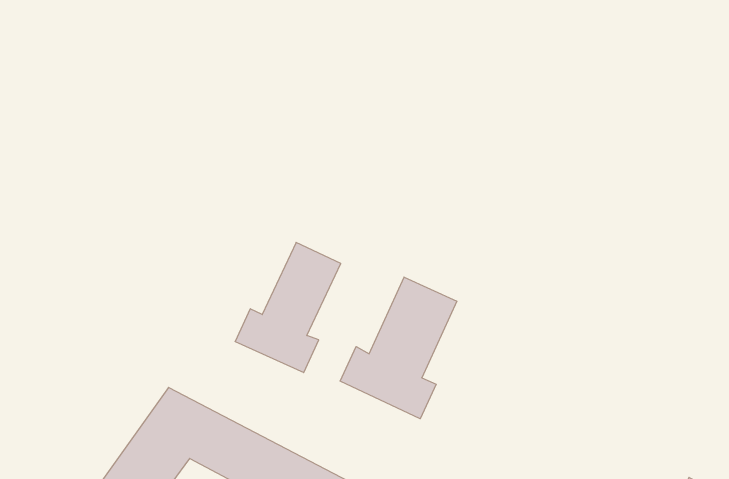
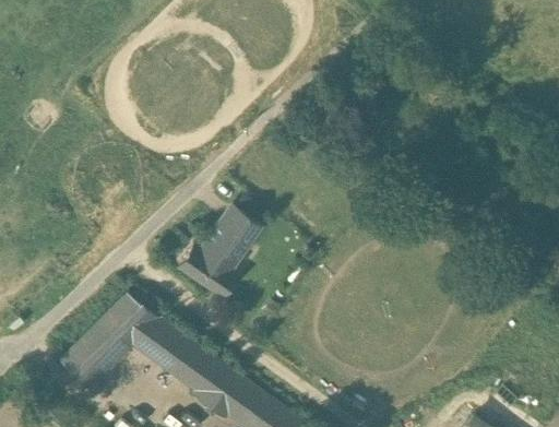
building: [340,277,457,419] -> none

